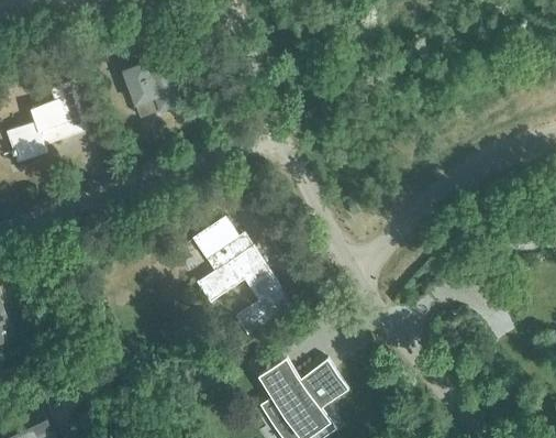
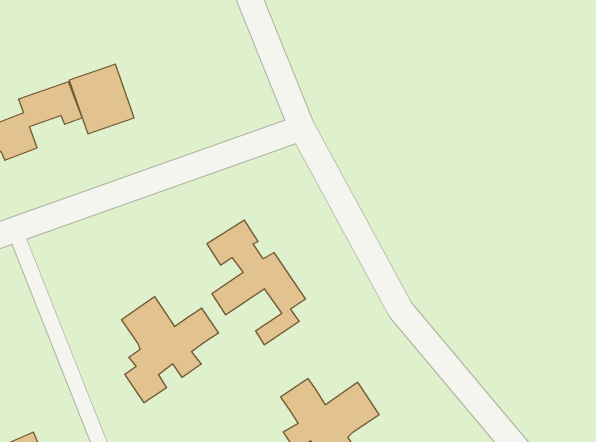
building: [123,58,180,120] -> [69,64,134,134]
building: none -> [122,297,218,403]

